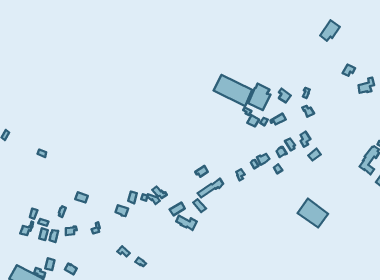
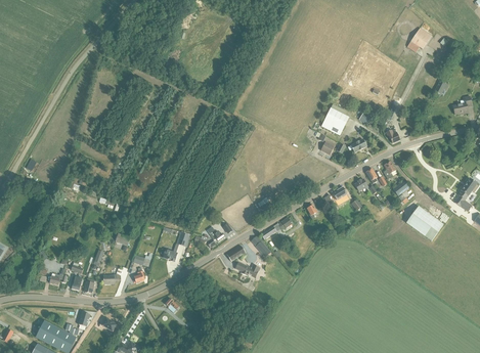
building: [214,75,252,106] -> none
building: [297,198,328,228] -> [406,205,443,239]

